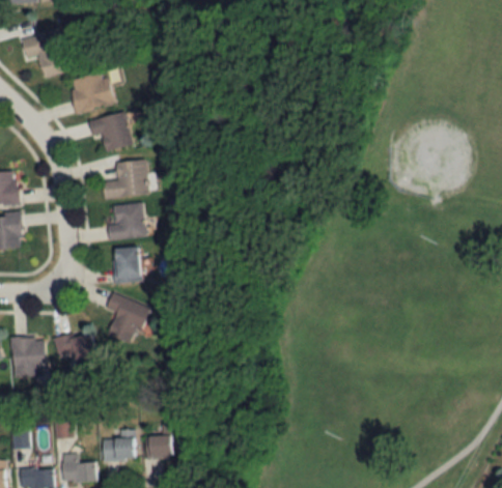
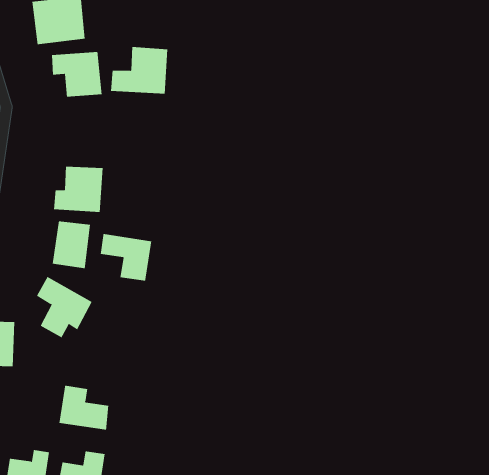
building: [103,160,147,199] -> [110,46,168,94]
building: none -> [100,233,152,282]
building: none -> [59,385,109,431]

